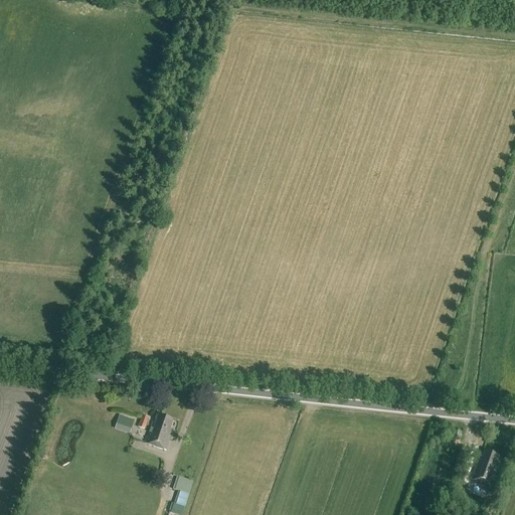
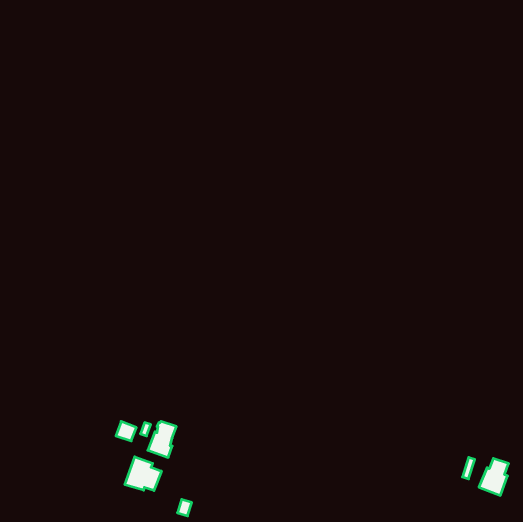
building: none -> [125,457,161,491]

